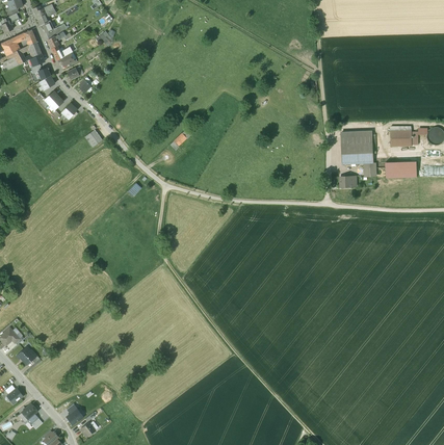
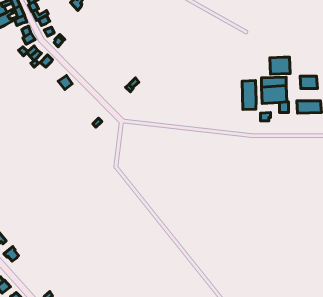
building: none -> [270,57,290,74]
building: none -> [242,81,256,109]

